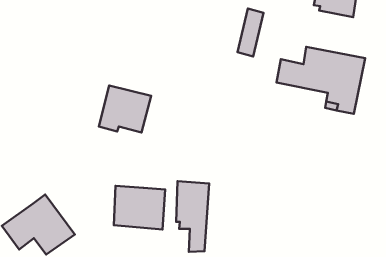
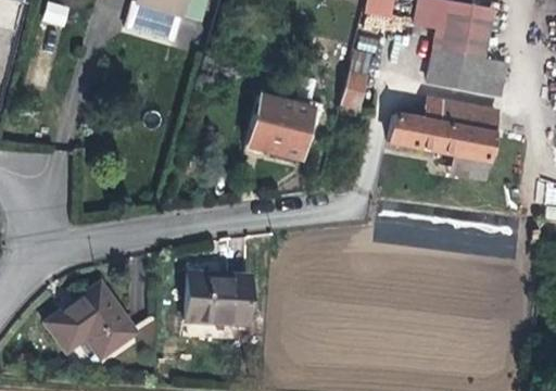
building: none -> [429,46,507,97]
building: [99,85,151,132] -> [247,97,312,155]
building: [176,181,209,252] -> none

